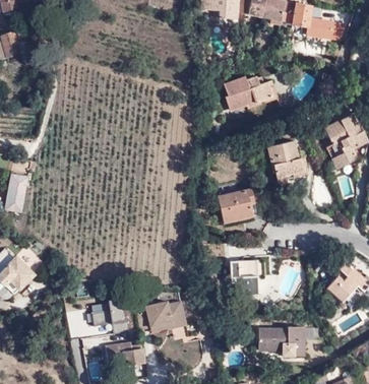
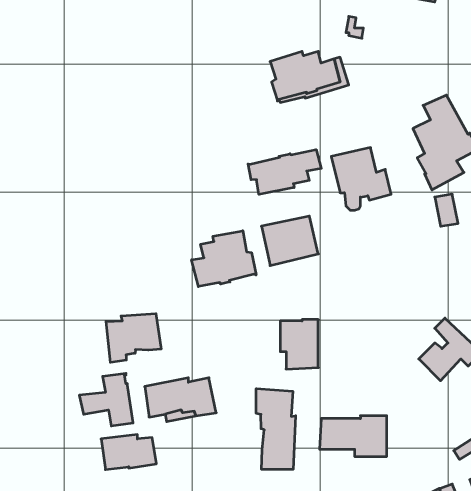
building: none -> [248,150,321,194]
building: none -> [192,231,256,287]
building: none -> [106,314,161,362]
building: none -> [256,389,296,469]

